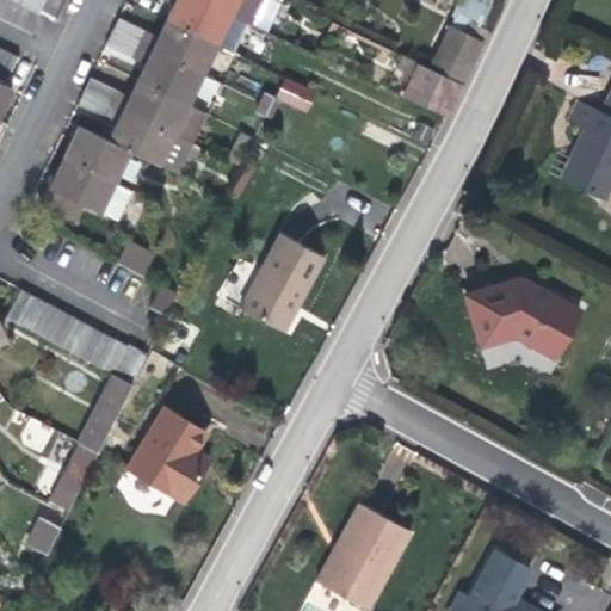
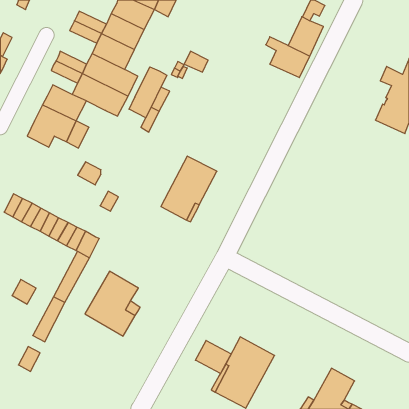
building: none -> [129,67,167,118]
building: [464,277,579,357] -> none
building: none -> [195,340,231,374]

